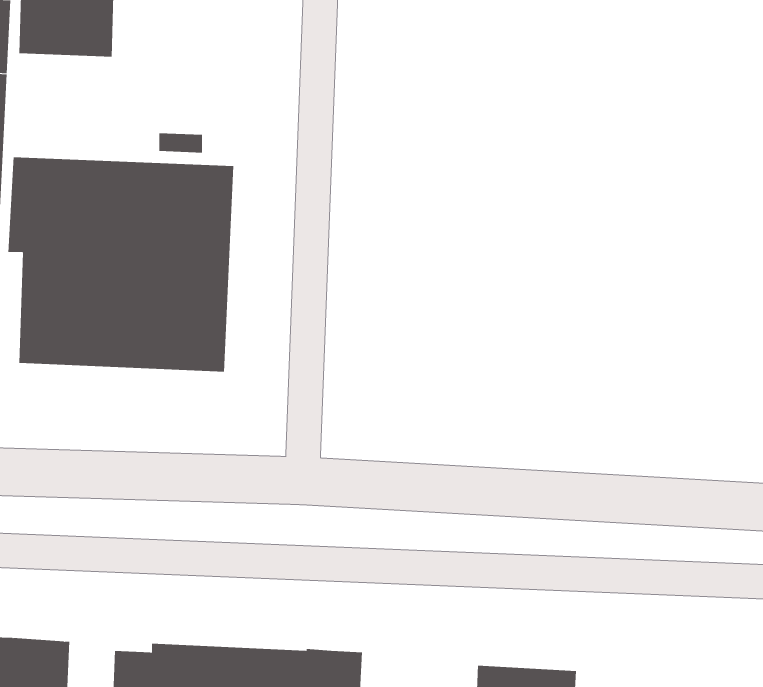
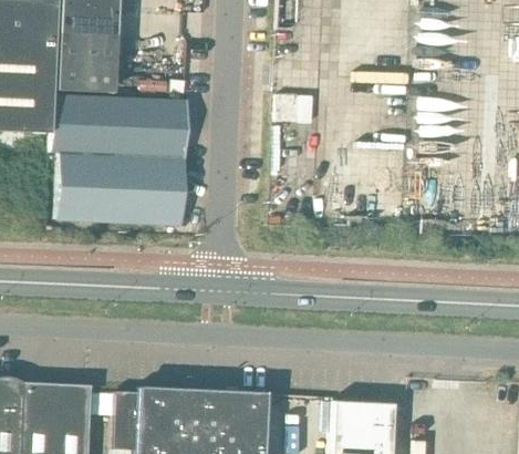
building: none -> [55,33,115,93]

